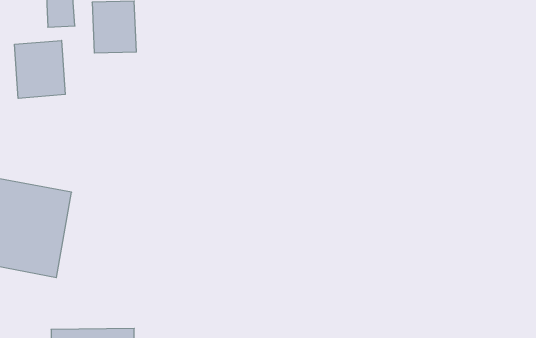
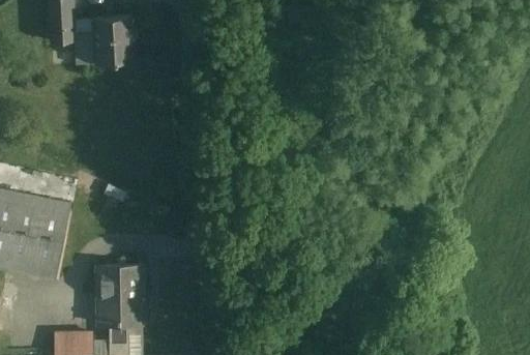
building: [15,40,65,98] -> none
building: none -> [97,266,142,326]

